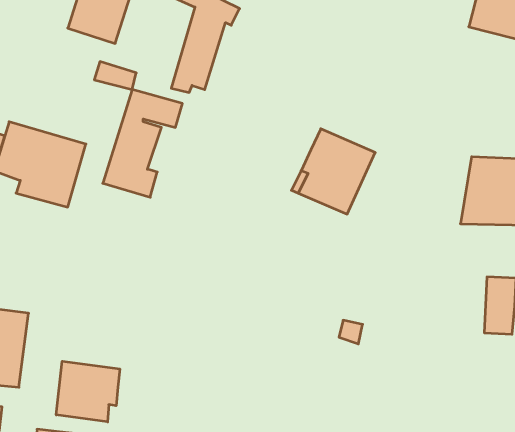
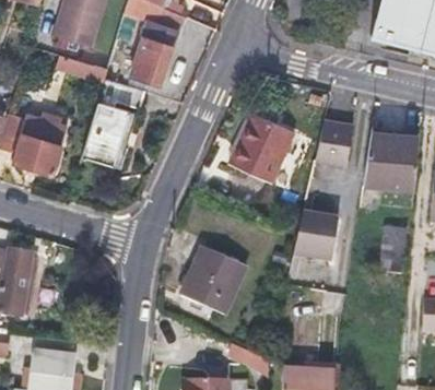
building: none -> [314,118,353,165]
building: none -> [285,187,338,276]
building: none -> [184,246,247,311]
building: [56,361,120,422] -> none

